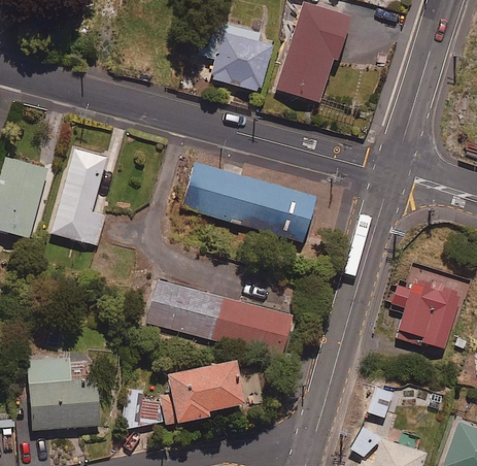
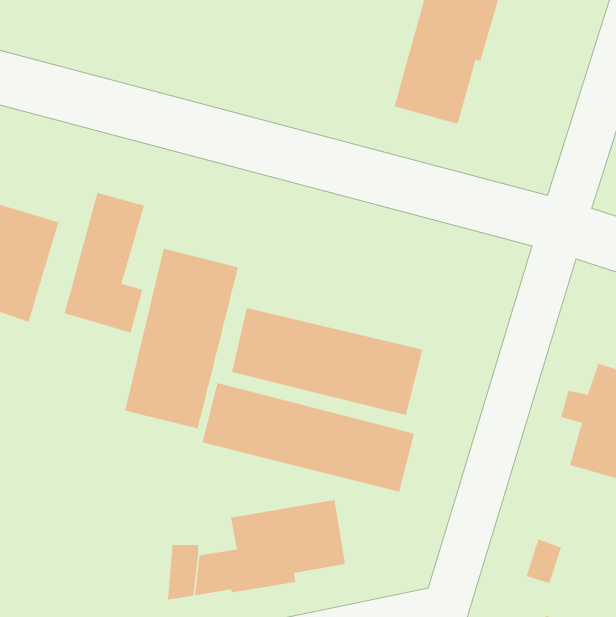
building: [207,23,272,91] -> none
building: [183,165,315,239] -> [231,308,423,416]
building: none -> [125,248,238,429]
building: [27,358,99,430] -> none

